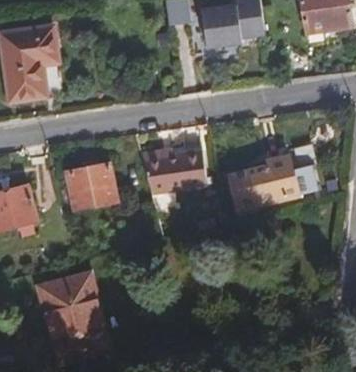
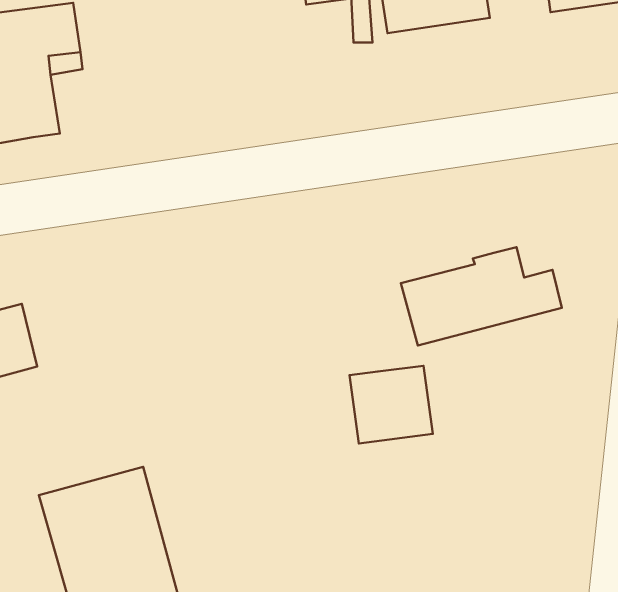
building: [162,149,206,190] -> [350,366,433,443]
building: [68,163,117,208] -> none

